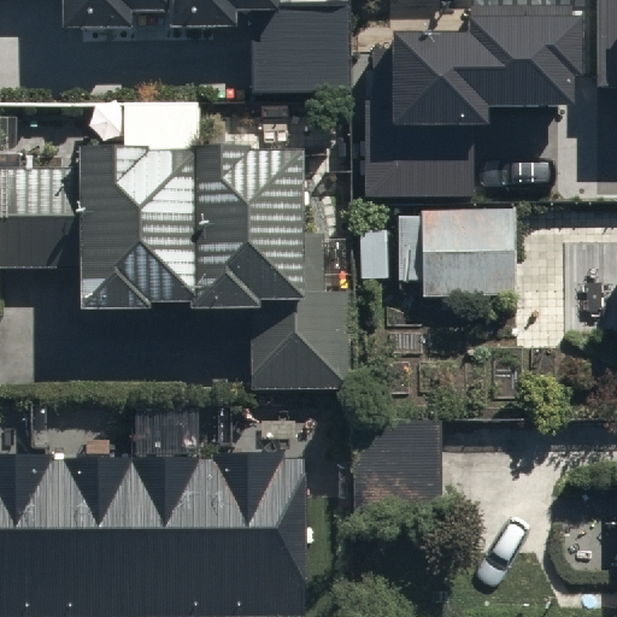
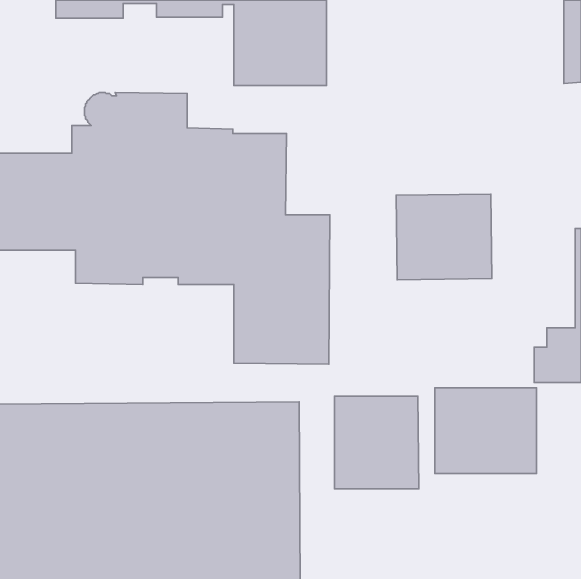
building: [364,17,578,201] -> none
building: none -> [435,388,537,474]

